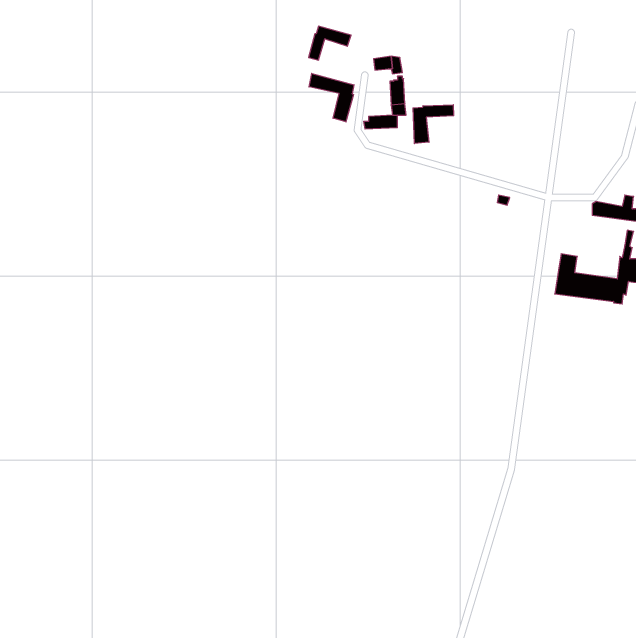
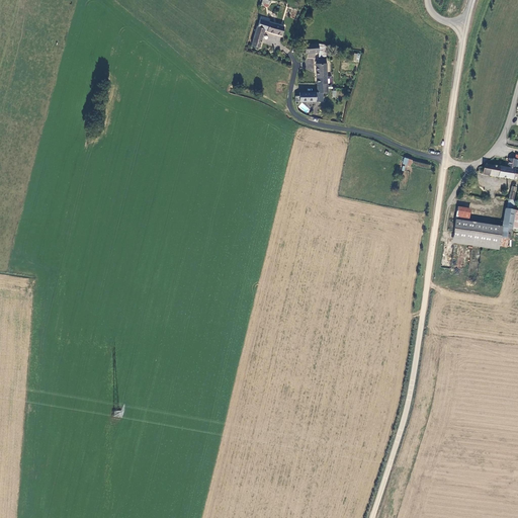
building: [309,73,354,122] -> none
building: [413,105,454,144] -> none

